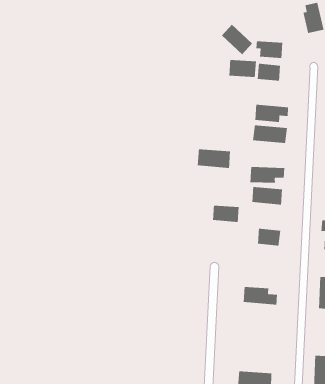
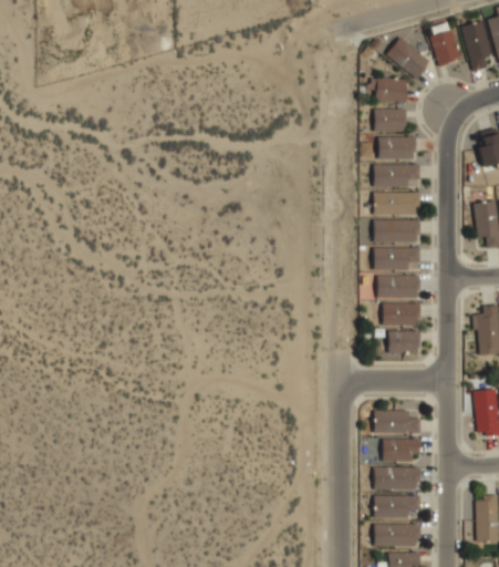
building: [221,24,253,55] -> [386,38,429,79]
building: [229,59,257,78] -> [378,136,415,159]
building: [197,149,231,169] -> [374,219,418,244]
building: [212,205,240,223] -> [383,303,418,326]
building: none -> [382,439,420,461]
building: none -> [374,466,418,489]
building: none -> [374,494,420,518]

